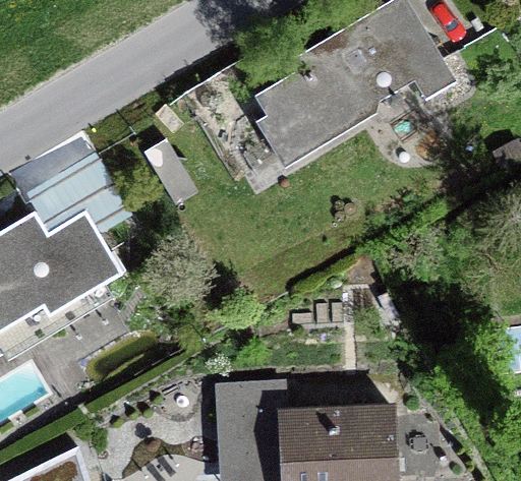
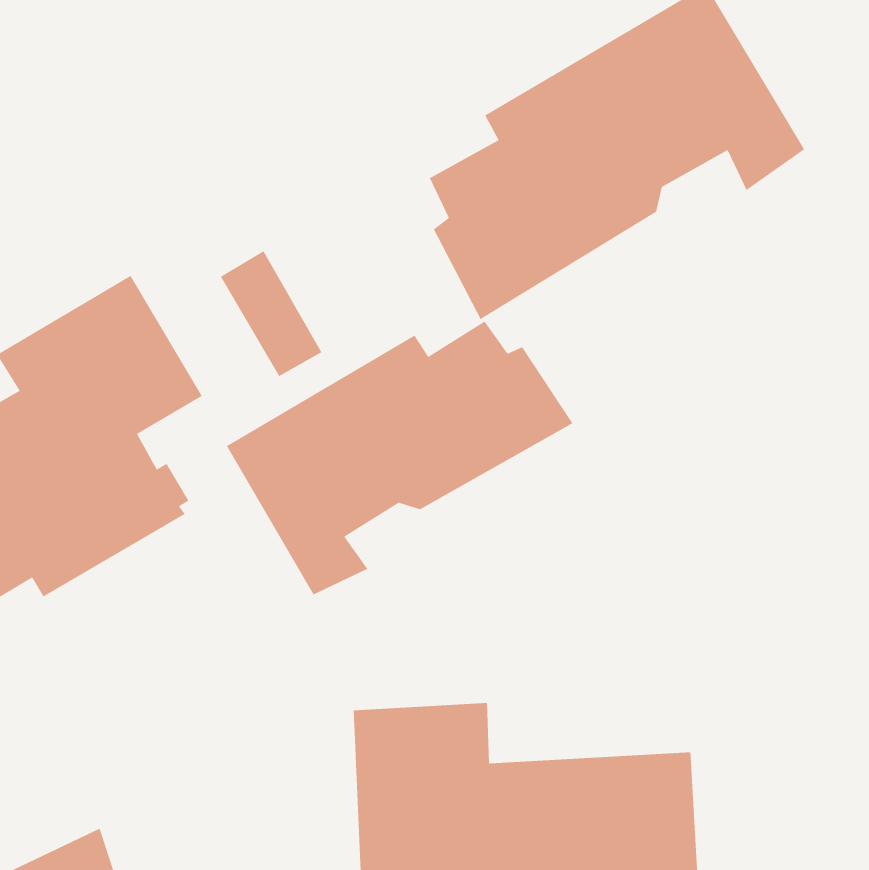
building: none -> [226,320,573,595]

